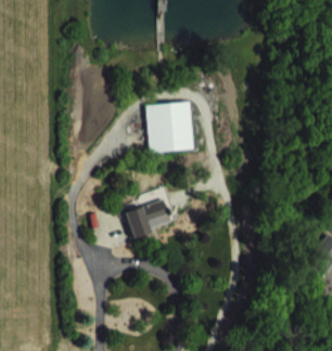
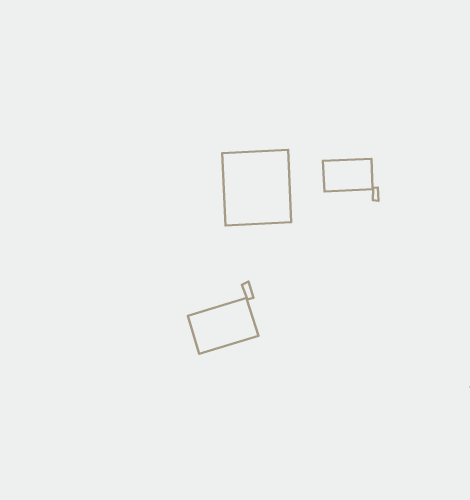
building: none -> [323,159,379,201]

